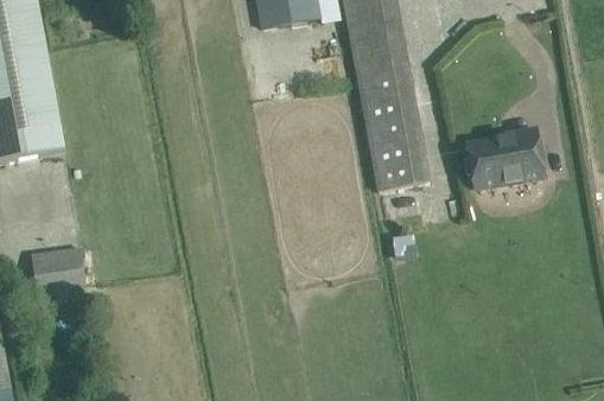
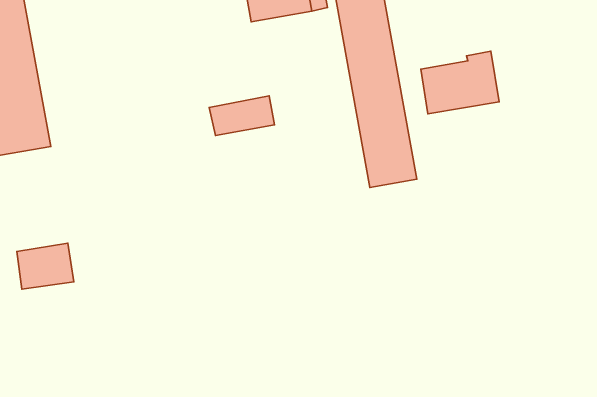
building: none -> [209,96,274,135]
building: [466,126,543,187] -> [421,51,499,114]

